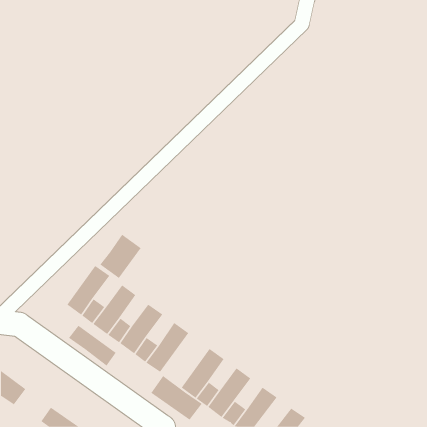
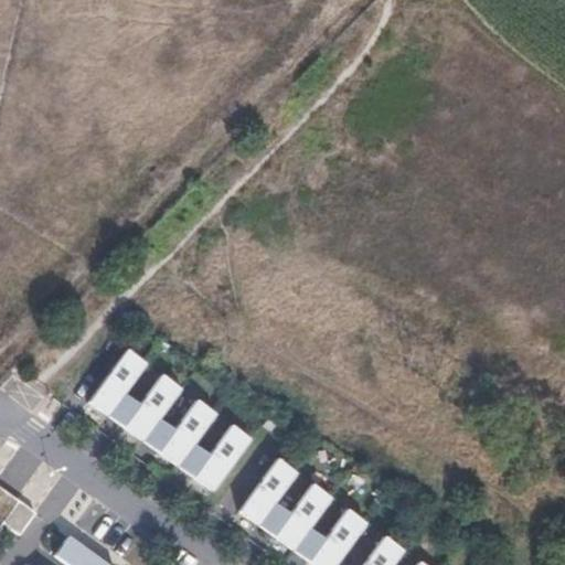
building: [100,234,141,279] -> none
building: [68,325,117,366] -> none
building: [150,375,203,421] -> none

